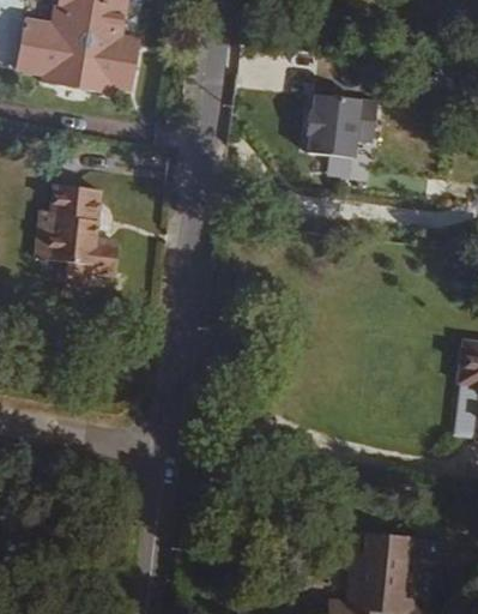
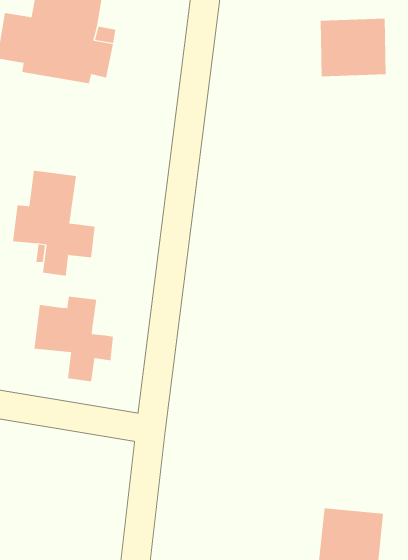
building: [305,94,375,155] -> [320,18,387,77]
building: none -> [34,296,113,382]

